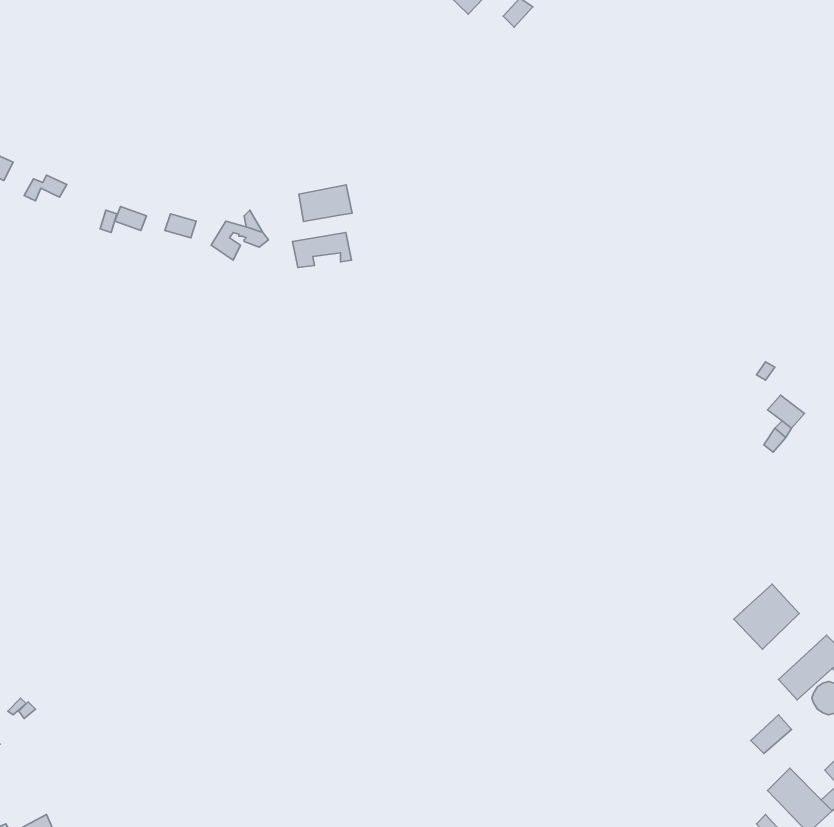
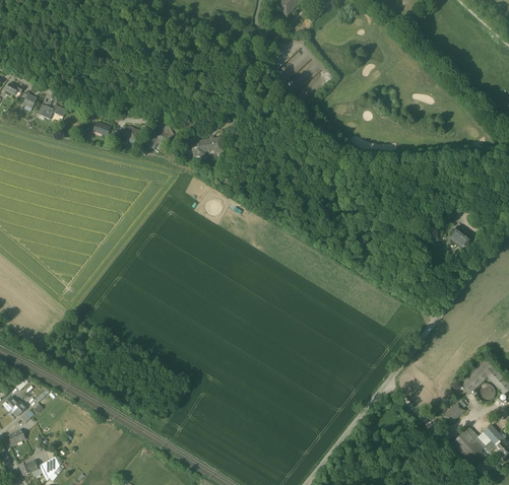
building: [299,185,352,221] -> none
building: [734,584,799,649] -> none

